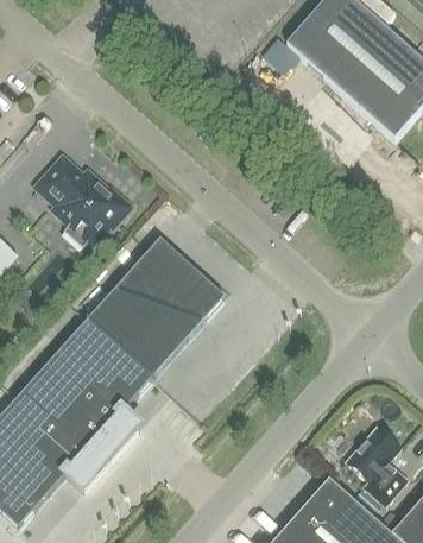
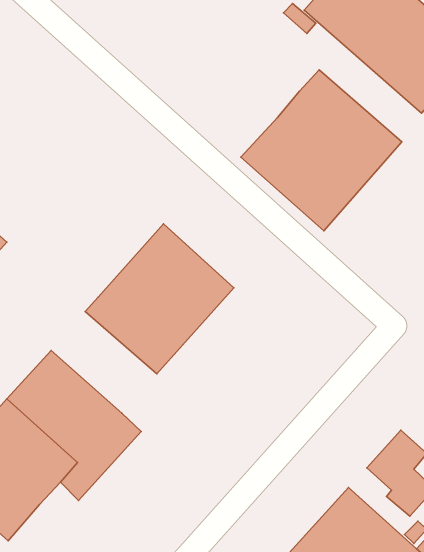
building: none -> [241,70,402,231]
building: [39,157,128,239] -> none
building: [58,317,154,410] -> none

